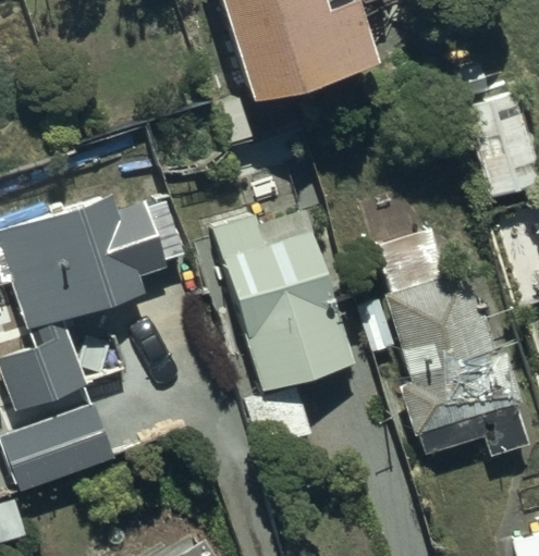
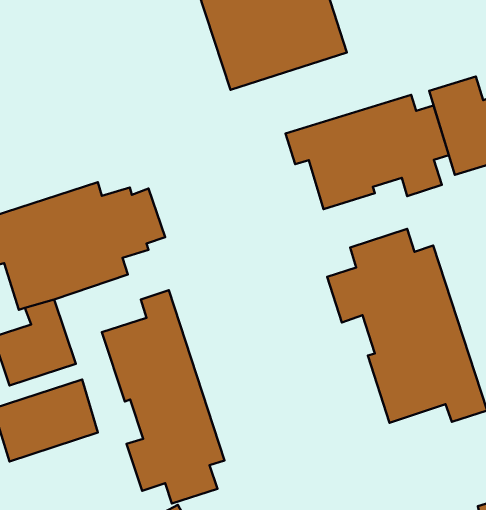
building: none -> [286,95,449,209]
building: [212,195,352,442] -> none
building: none -> [102,290,224,503]

